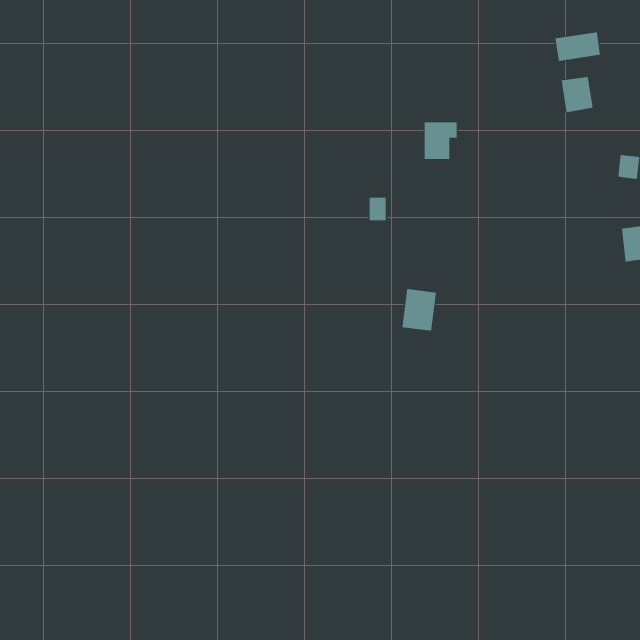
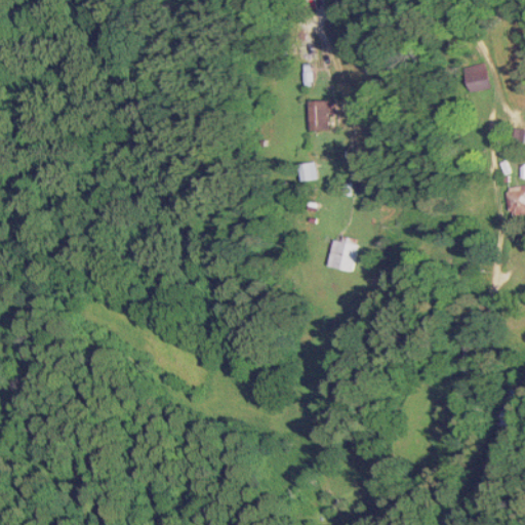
building: [555,31,601,62] -> none
building: [424,122,458,160] -> [307,100,334,131]

